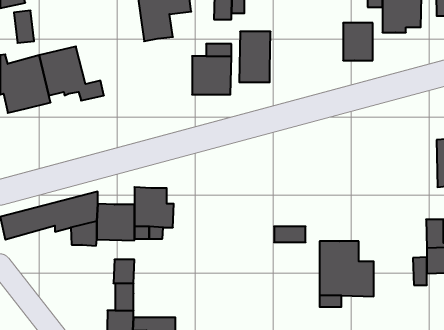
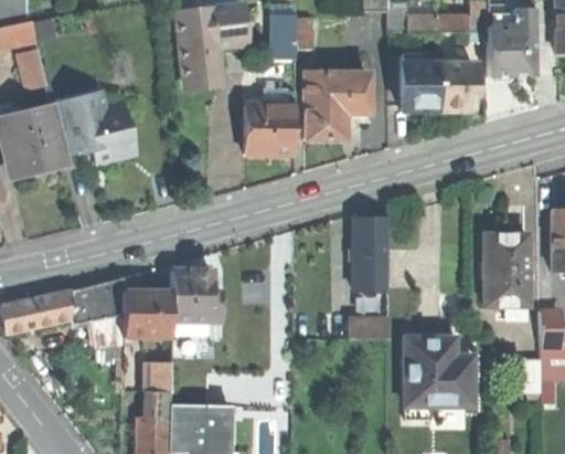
building: none -> [401,51,436,109]
building: none -> [343,73,369,120]
building: none -> [356,203,390,289]
building: none -> [484,234,530,318]
building: none -> [171,404,232,434]

